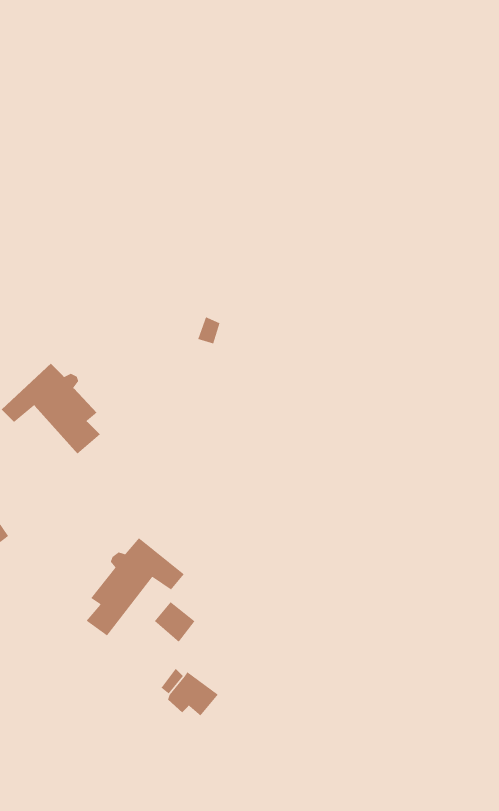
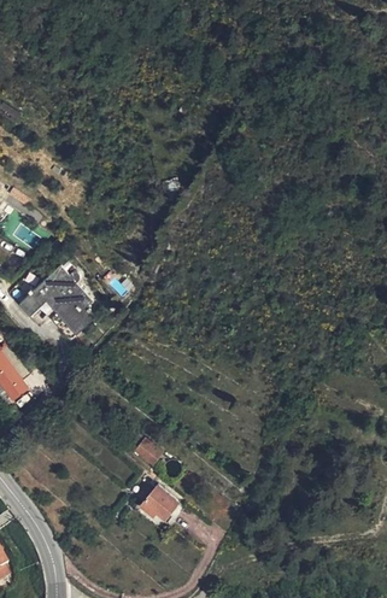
building: [85,537,185,636] -> none

